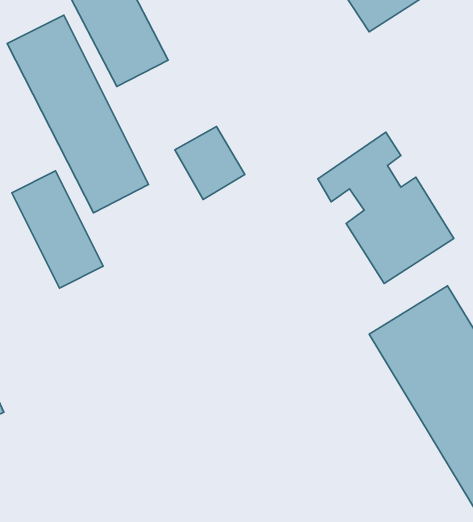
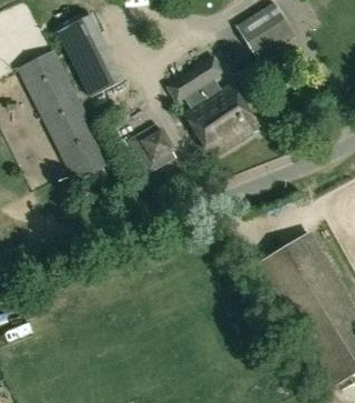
building: [318,132,454,283] -> [168,57,258,158]
building: [12,171,103,288] -> none

